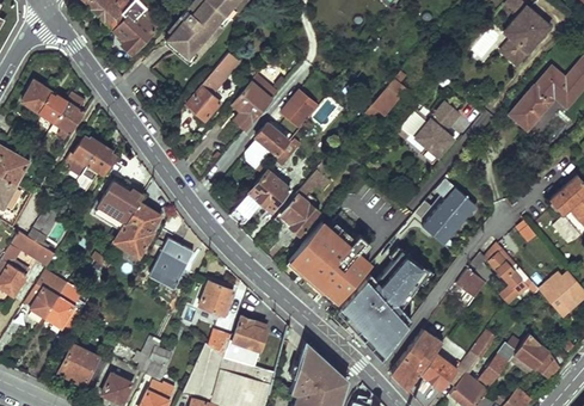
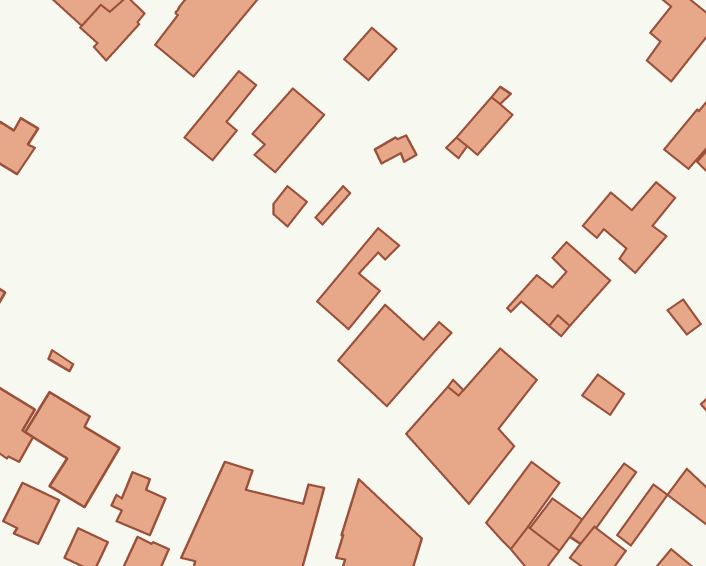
building: [281,90,316,125] -> [344,28,396,80]
building: [395,103,459,165] -> [583,182,675,273]
building: [253,119,290,156] -> none
building: [72,136,115,174] -> none
building: [228,166,293,224] -> none
building: [98,178,162,257] -> [25,392,119,507]
building: [148,238,193,288] -> none
building: [485,244,531,303] -> none
building: [322,252,369,301] -> none
building: [197,281,233,314] -> none
building: [233,315,265,349] -> none

